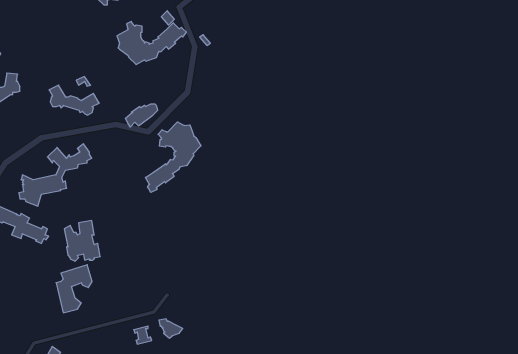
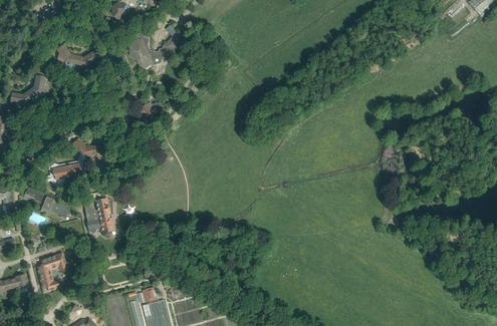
building: [49,85,99,115] -> [55,44,97,69]
building: [145,122,201,192] -> none
building: [56,265,92,313] -> [36,252,66,292]

